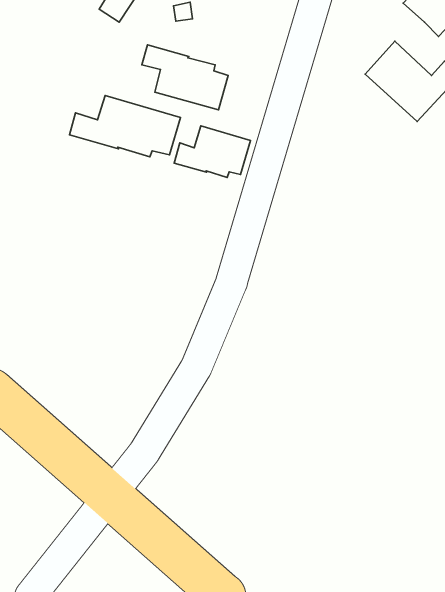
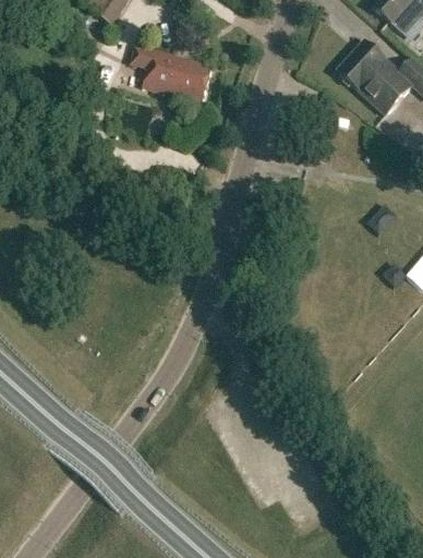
building: [69,96,180,157] -> none
building: [174,126,251,177] -> none

